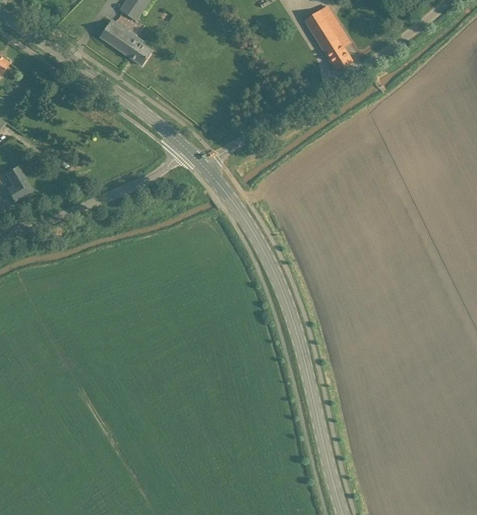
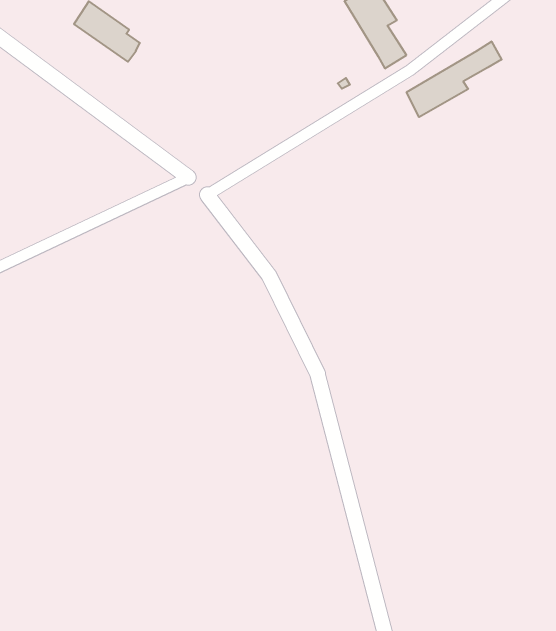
building: none -> [407,41,502,117]

